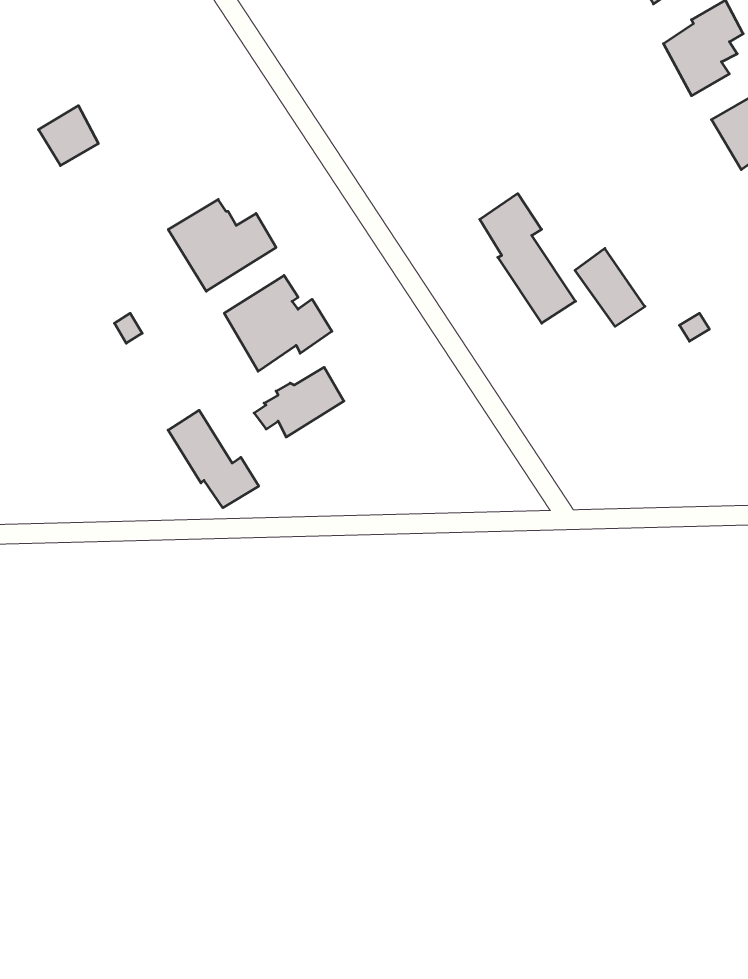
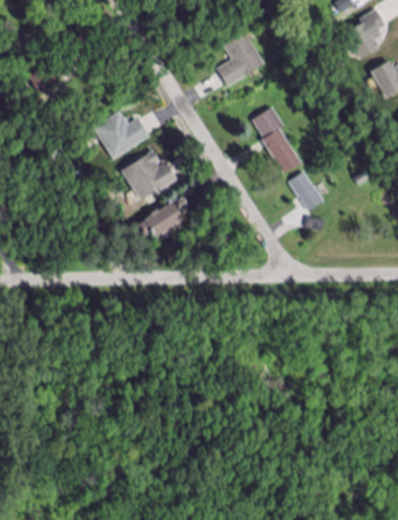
building: none -> [217,30,264,84]
building: [575,248,645,326] -> [289,173,325,212]
building: [168,410,259,508] -> none

